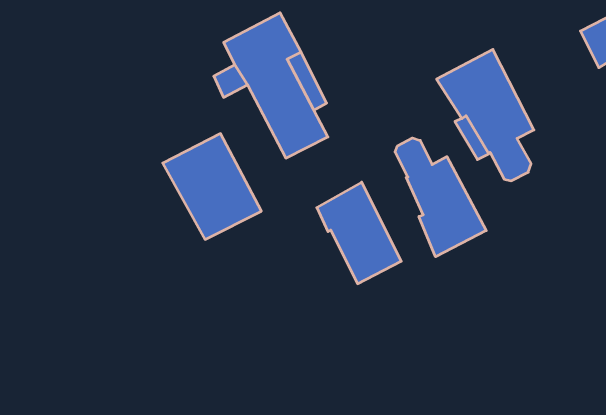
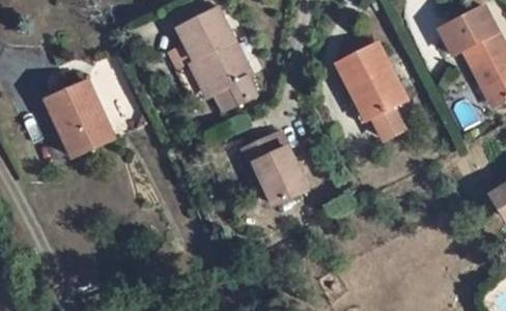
building: [163,134,261,239] -> [44,76,116,153]
building: [395,138,486,257] -> none

